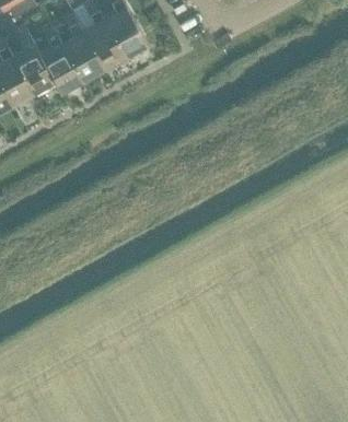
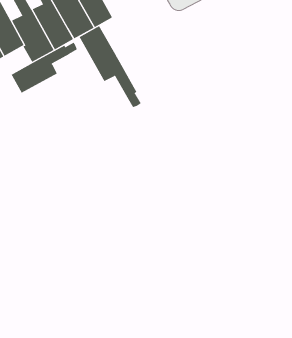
building: none -> [79,25,142,108]
building: none -> [11,42,78,93]

